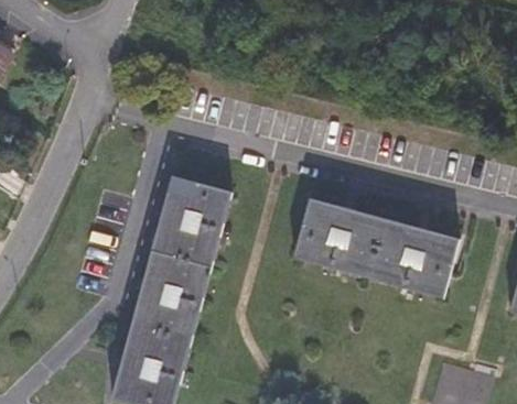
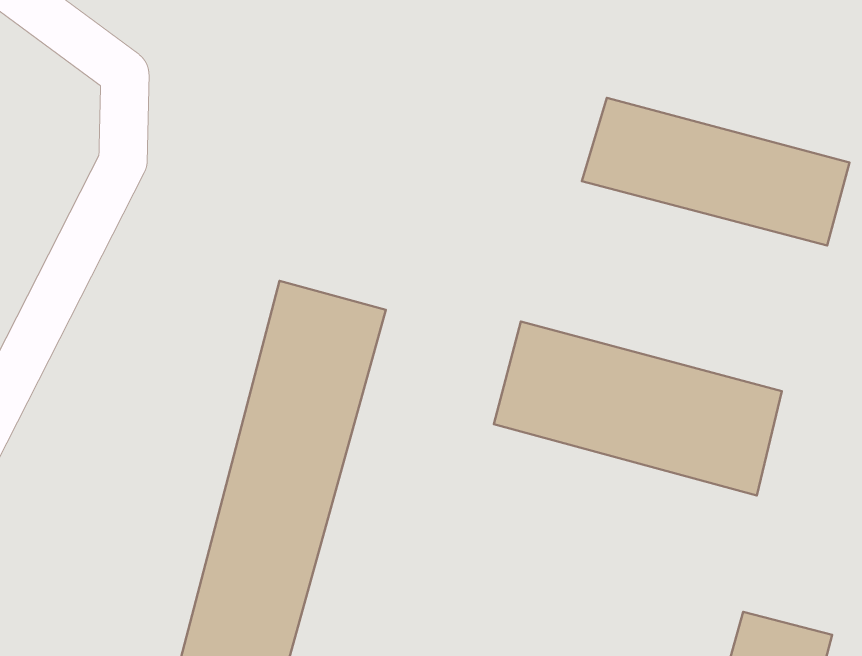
building: none -> [582,98,849,245]

